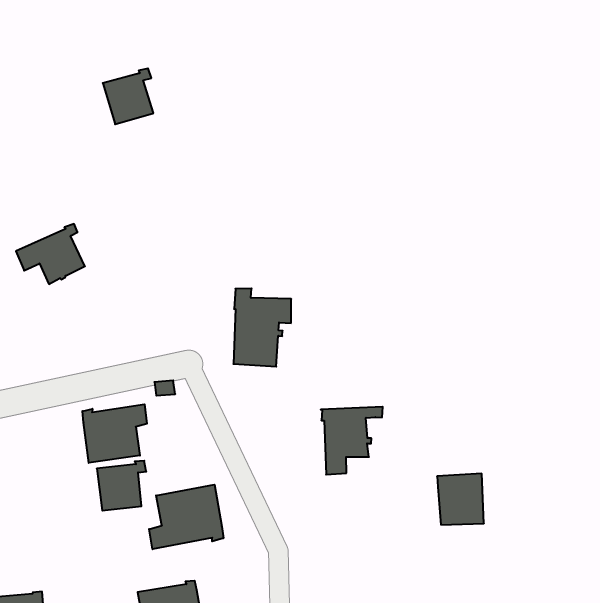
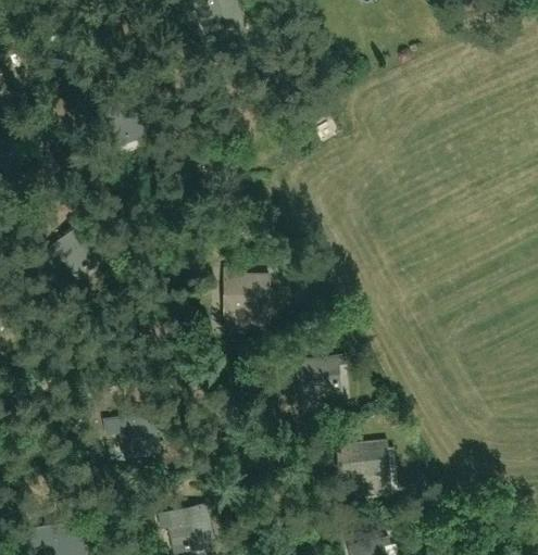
building: [82,404,147,463] -> none
building: [437,474,484,525] -> [347,439,387,482]
building: [149,485,223,549] -> none

